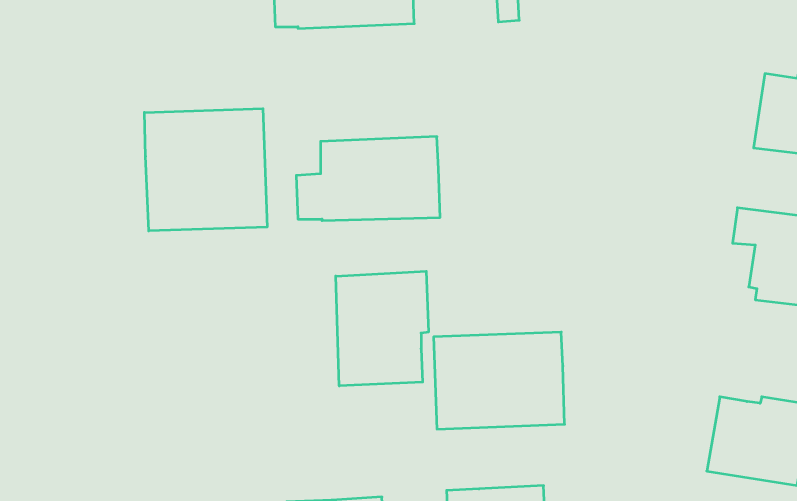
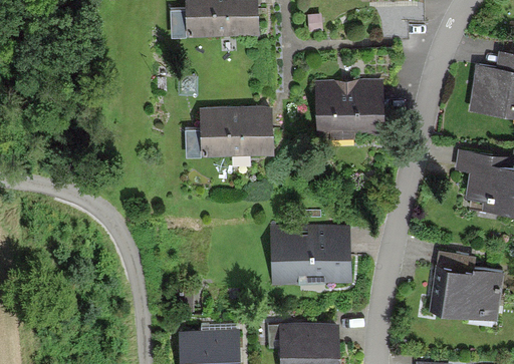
building: none -> [314,79,384,139]
building: [144,109,267,231] -> none
building: [336,271,428,386] -> none

